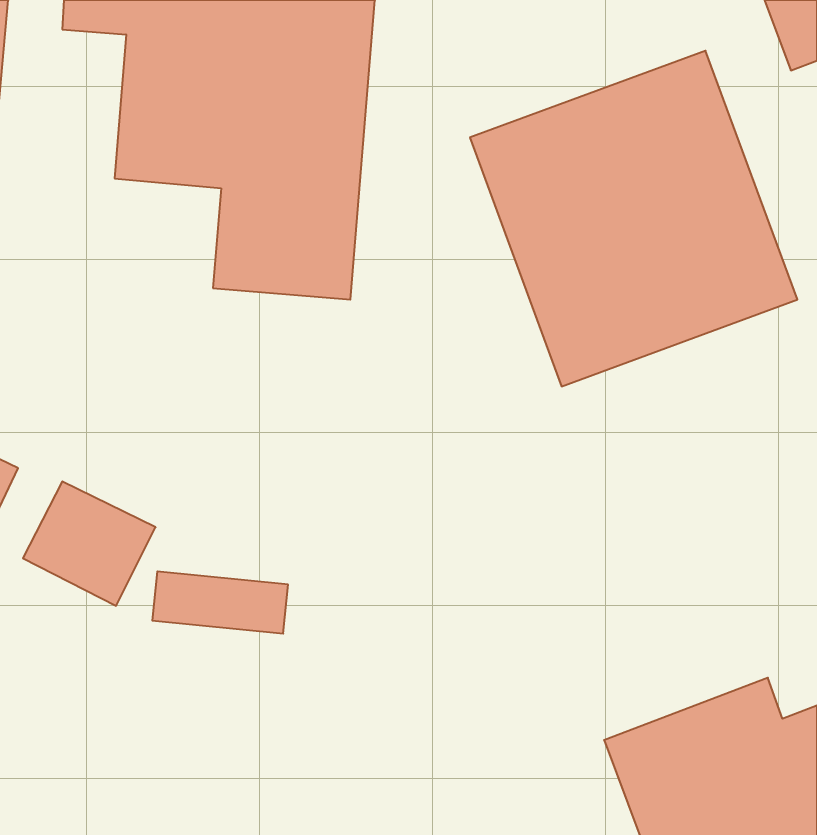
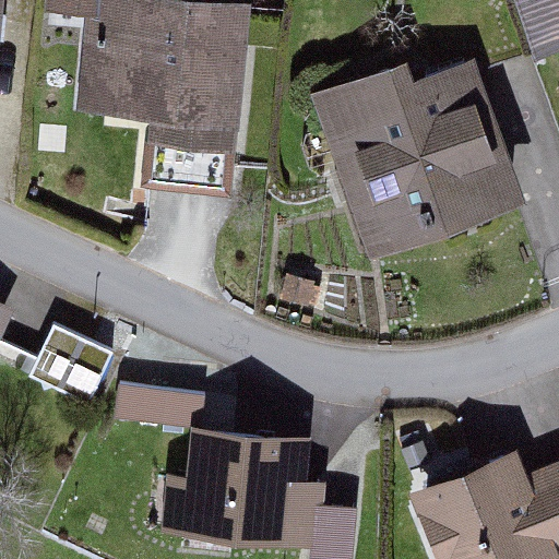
building: none -> [157,430,342,548]

